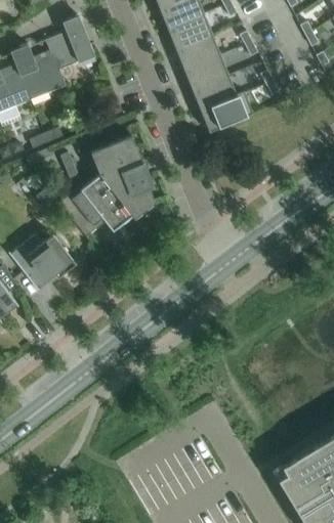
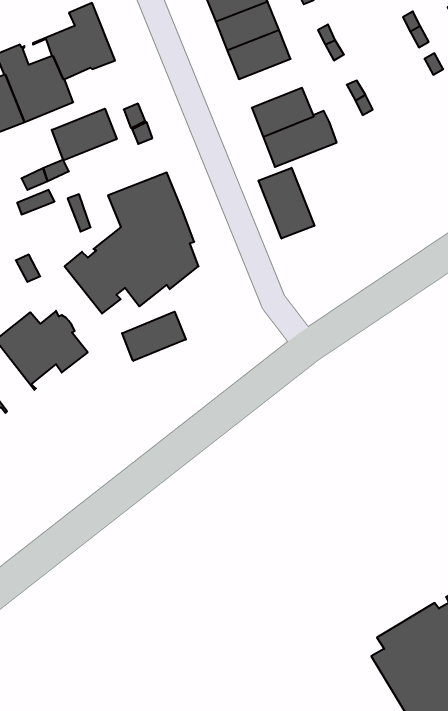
building: [183,54,228,89] -> none
building: none -> [52,109,117,161]
building: none -> [259,168,314,239]
building: none -> [122,312,186,361]

